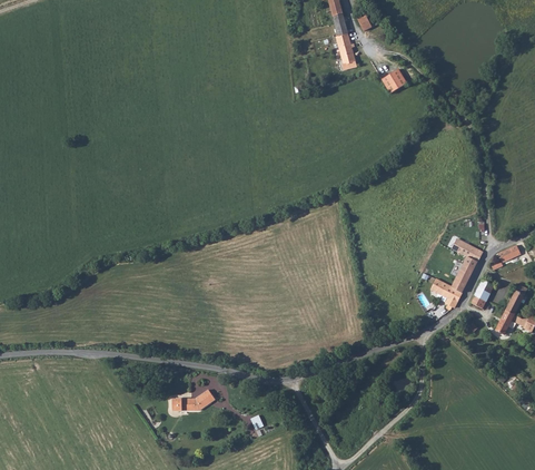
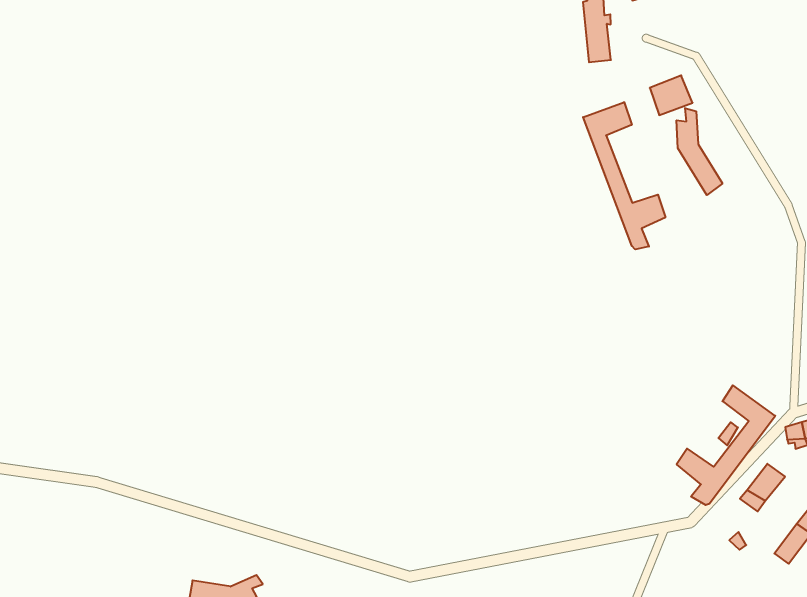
building: none -> [677,108,722,195]
building: none -> [583,102,665,249]

